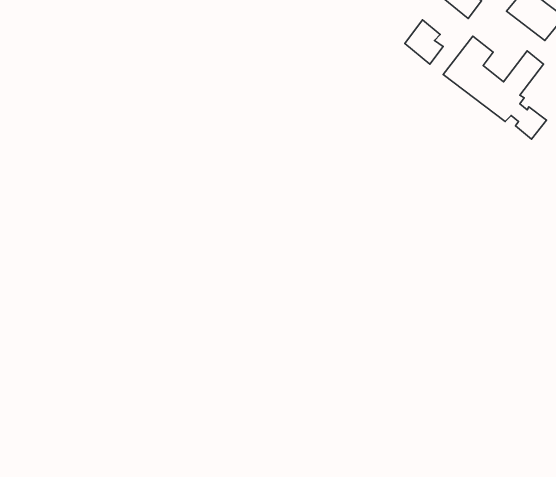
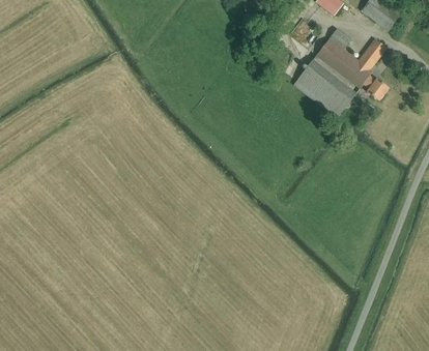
building: none -> [293,60,355,118]

